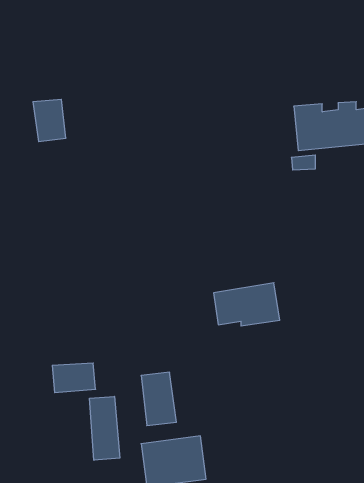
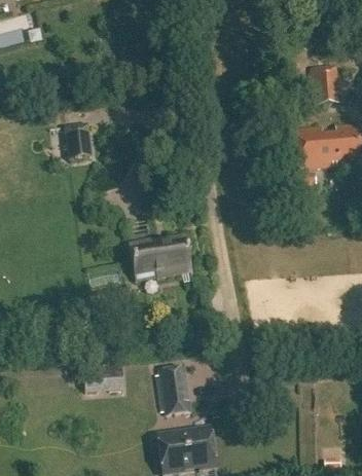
building: none -> [309,64,338,104]
building: [214,283,280,326] -> [129,235,188,274]
building: [90,396,120,460] -> none

